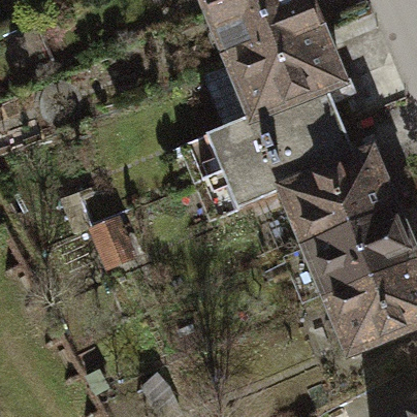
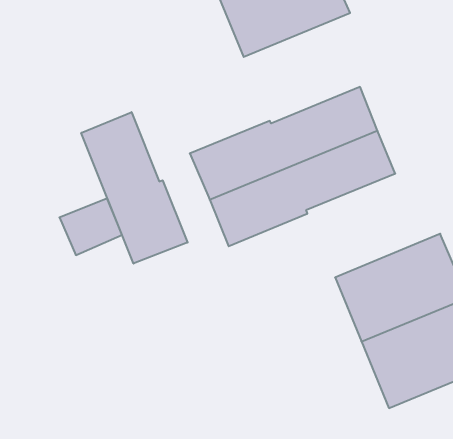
building: [232,28,343,119] -> none
building: none -> [81,112,188,264]
building: [284,154,394,246] -> none

